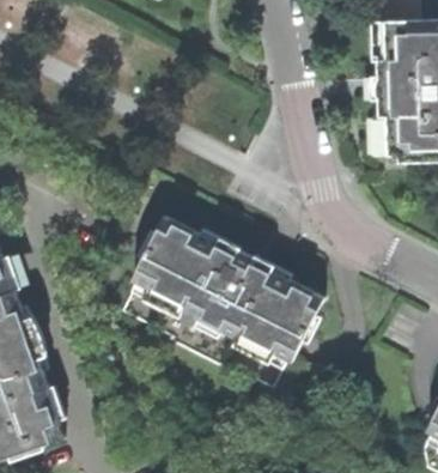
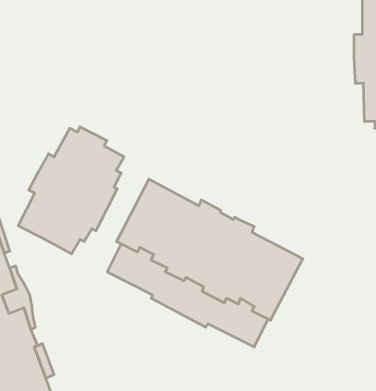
building: none -> [18,127,124,254]

